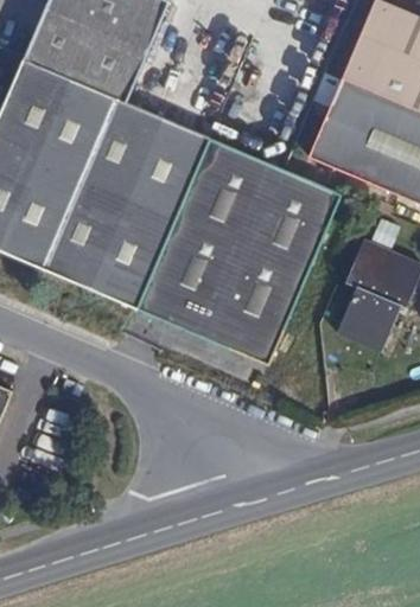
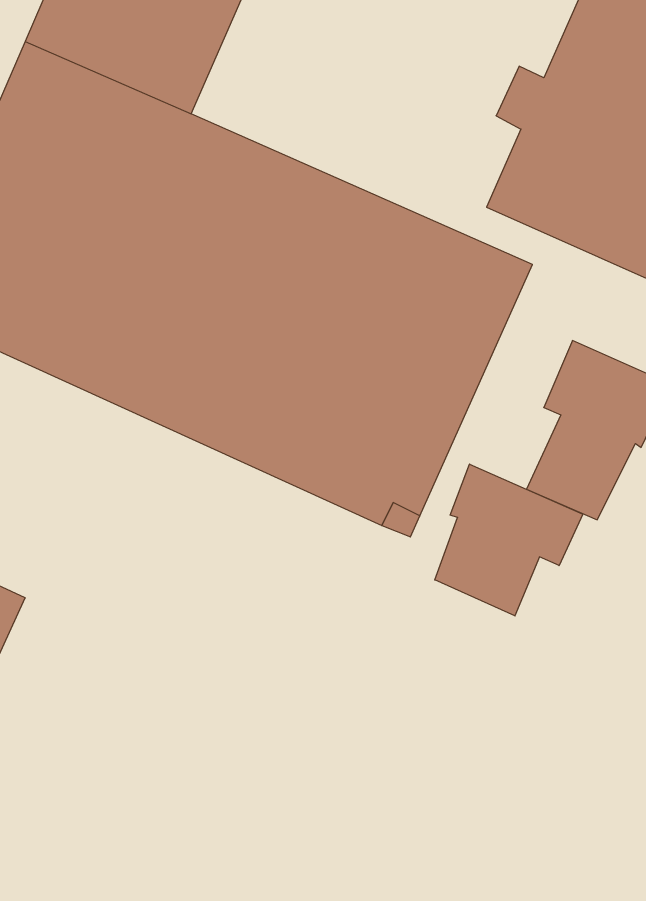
building: none -> [435,464,583,616]

